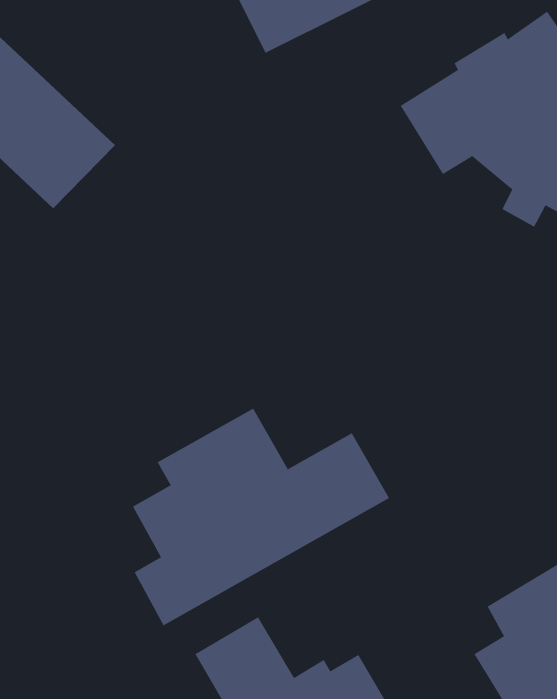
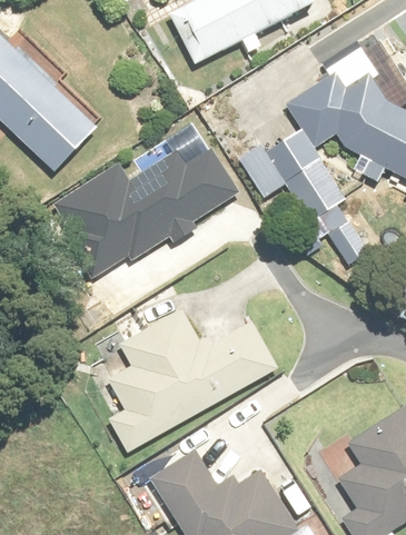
building: none -> [267,129,365,261]
building: none -> [51,147,242,275]

